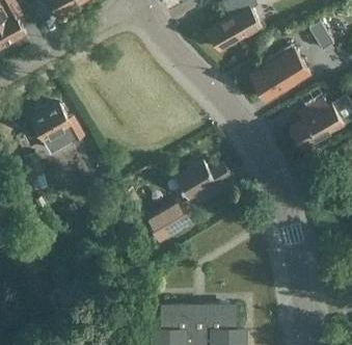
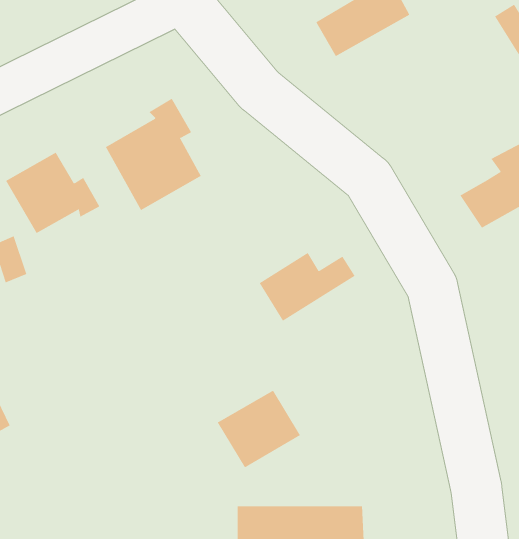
building: [248,46,308,101] -> none
building: none -> [105,98,202,211]
building: [144,197,192,242] -> [217,390,301,468]

